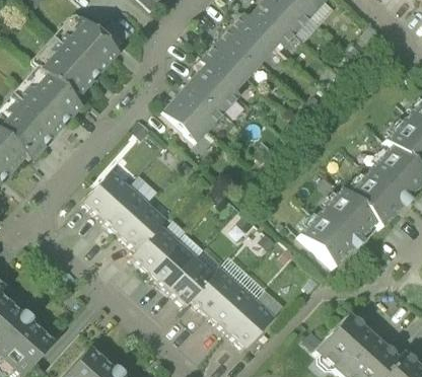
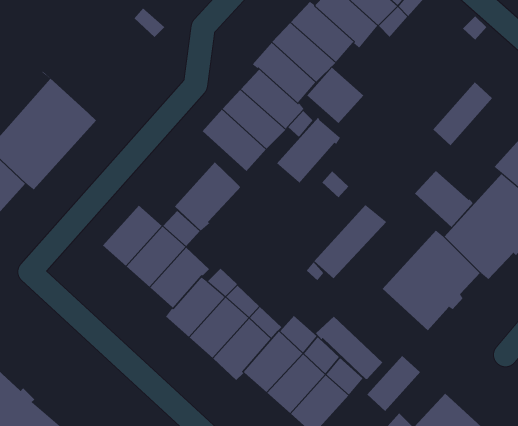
building: [39,18,118,98] -> none
building: none -> [306,67,364,124]
building: none -> [432,81,493,146]
building: none -> [276,117,341,184]
building: none -> [174,162,242,231]
building: none -> [414,170,473,228]
building: none -> [314,204,387,279]
building: none -> [315,316,383,380]
building: none -> [366,355,421,412]

